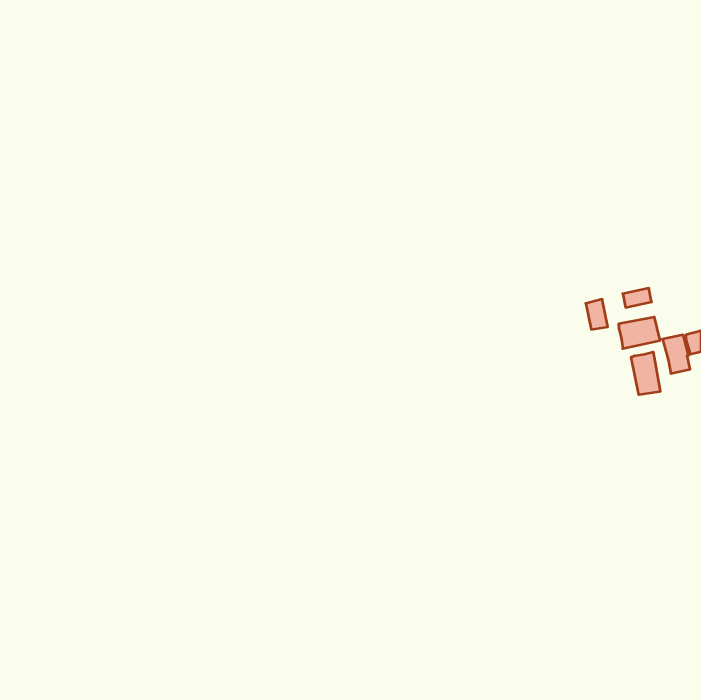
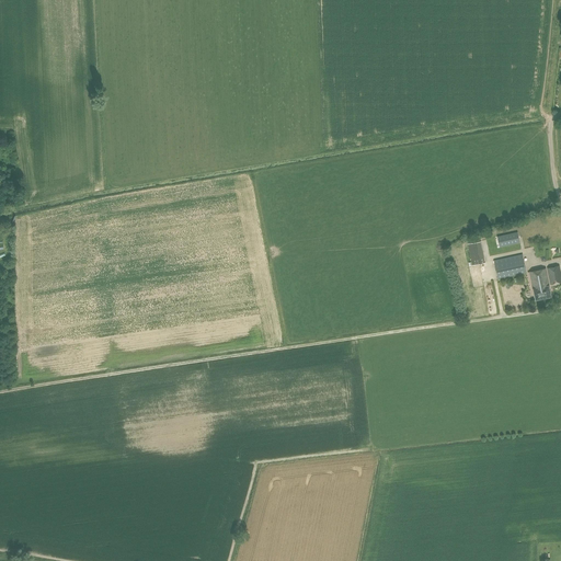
building: [631,352,660,395] -> none

